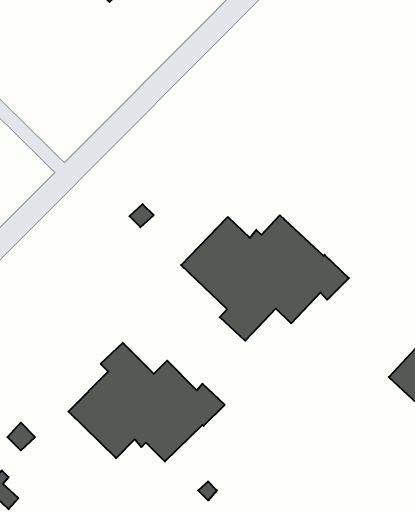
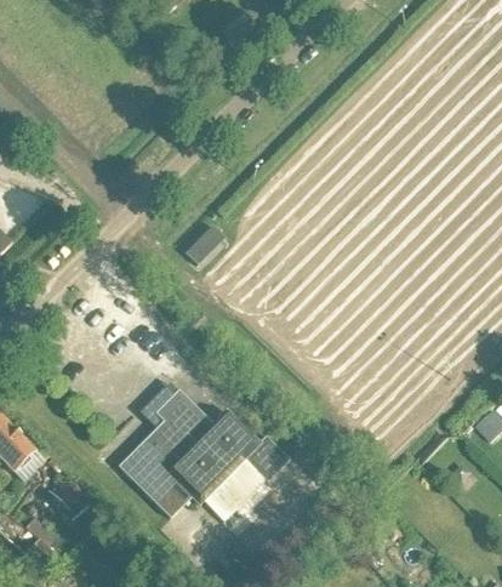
building: [181,215,349,341] -> none

